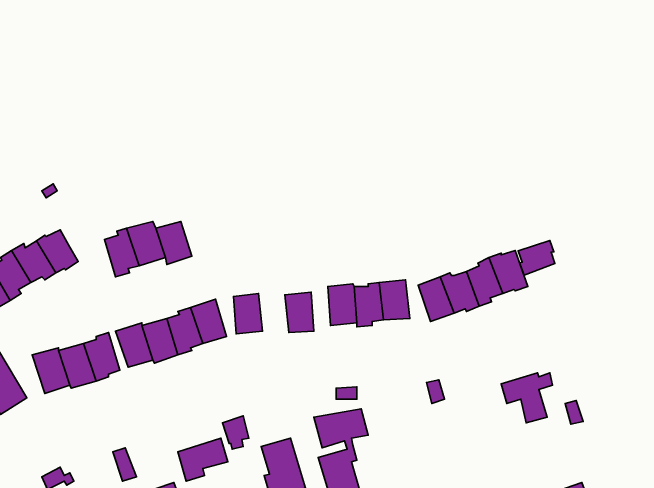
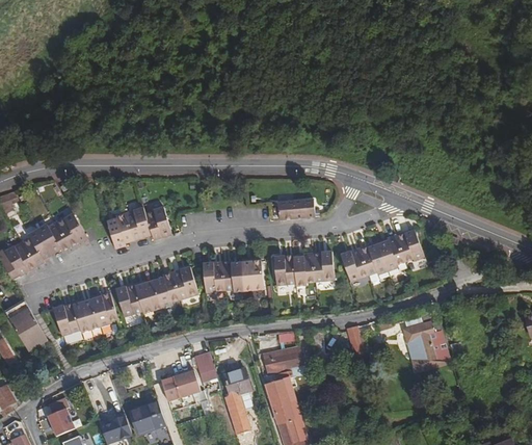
building: none -> [276,199,314,219]
building: [518,240,555,275] -> none
building: none -> [220,260,243,291]

